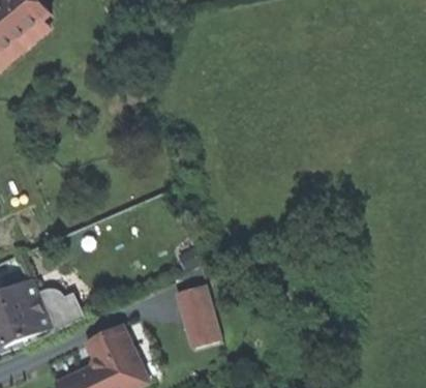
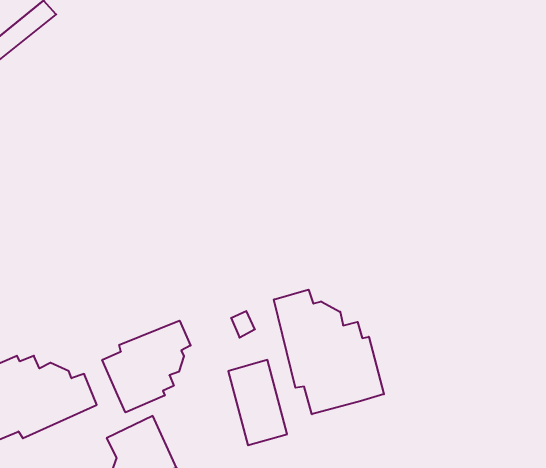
building: none -> [274,290,384,414]
building: none -> [102,321,191,412]

